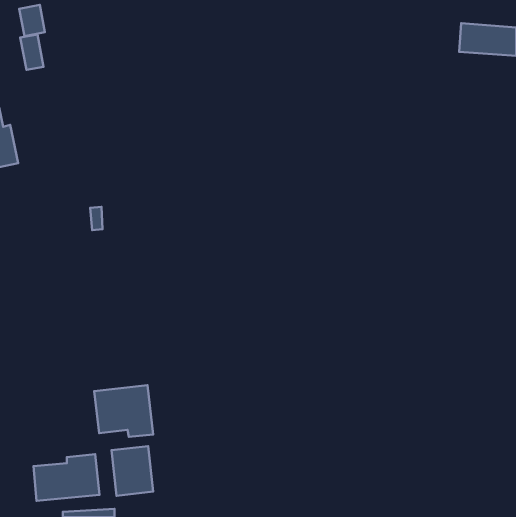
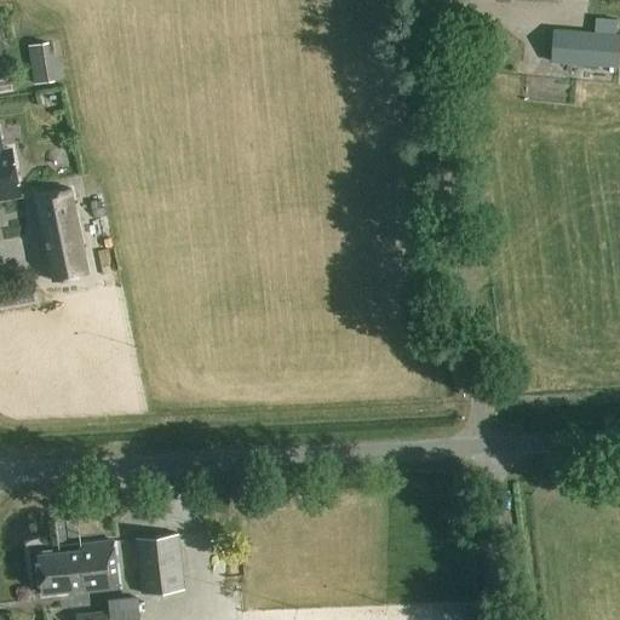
building: [19,5,45,36] -> none
building: none -> [38,193,87,282]
building: [94,385,153,437] -> none

